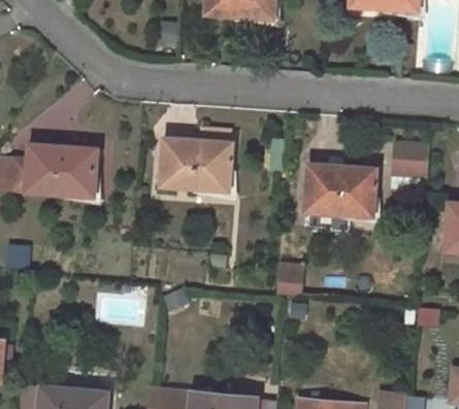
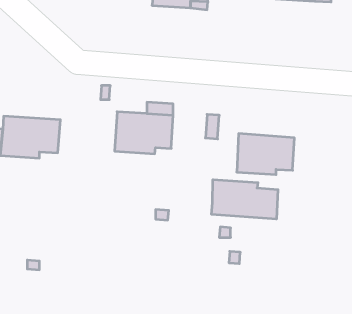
building: [392,143,427,178] -> none
building: none -> [212,180,278,219]

